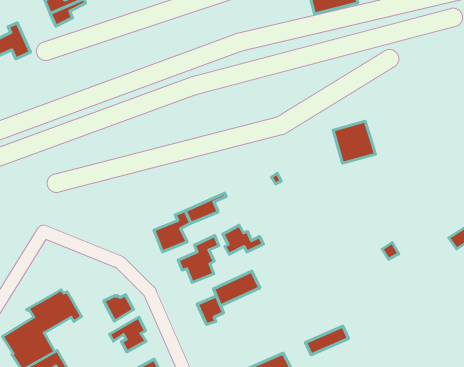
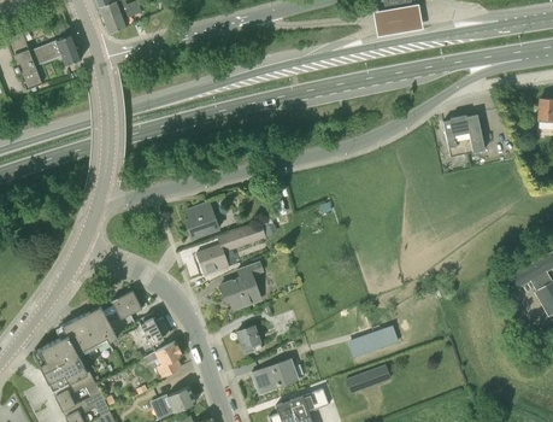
building: [333,121,376,163] -> [442,115,484,157]
building: none -> [184,203,218,234]
building: [223,225,263,254] -> none
building: none -> [110,289,142,318]
building: [213,271,260,306] -> [252,358,300,392]
building: none -> [348,323,400,356]

